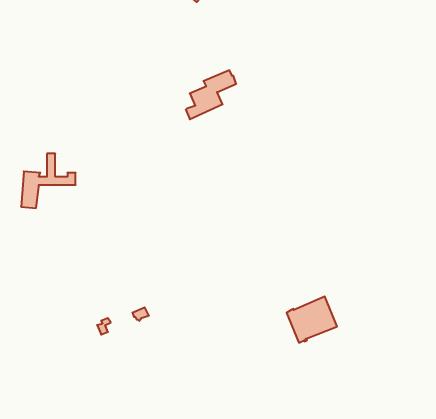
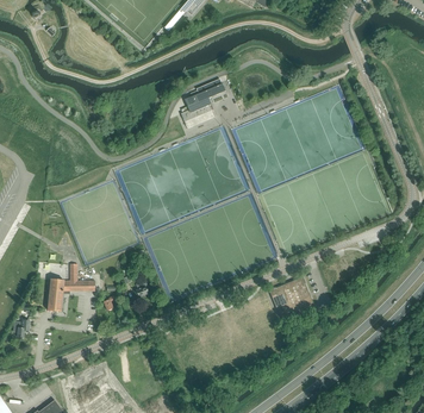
building: [21,154,76,208] -> [48,263,95,311]

